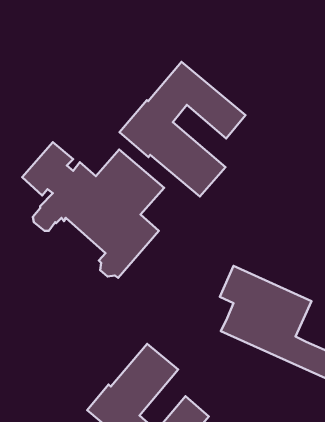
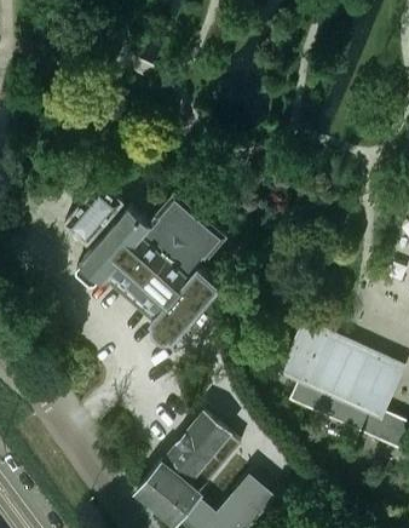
building: [119,62,245,197] -> none

